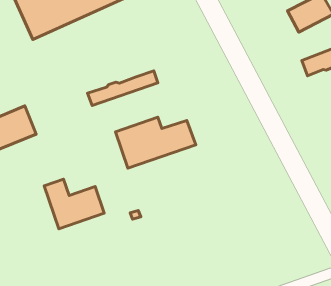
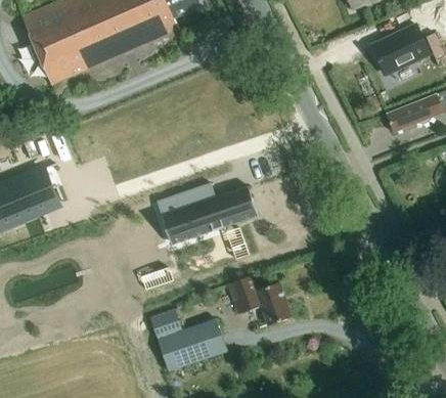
building: [87,71,158,106] -> none
building: [44,179,104,229] -> [150,309,226,371]
building: none -> [228,277,293,326]

